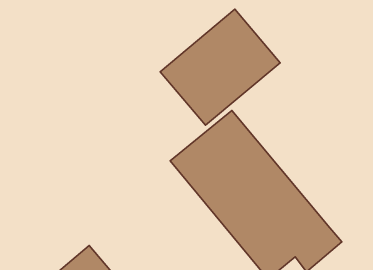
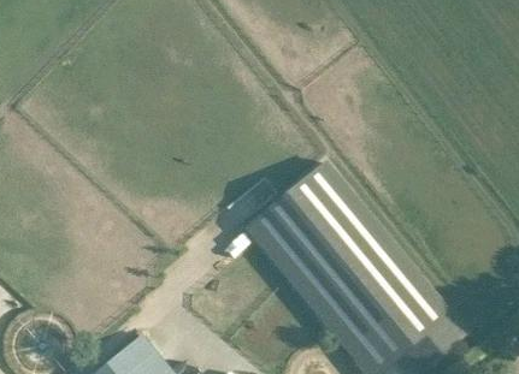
building: [160,9,280,125] -> none

